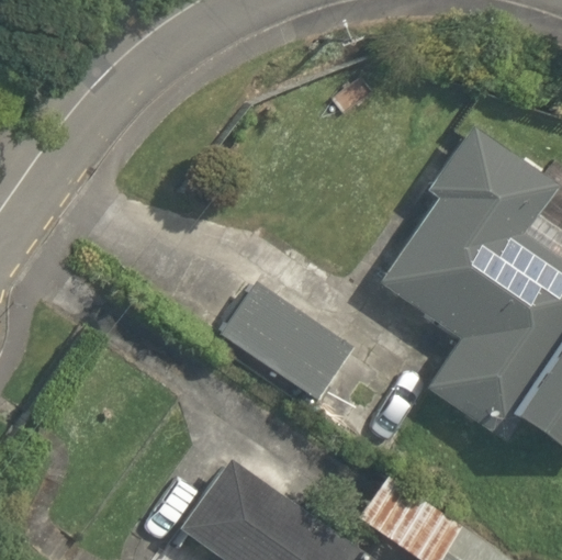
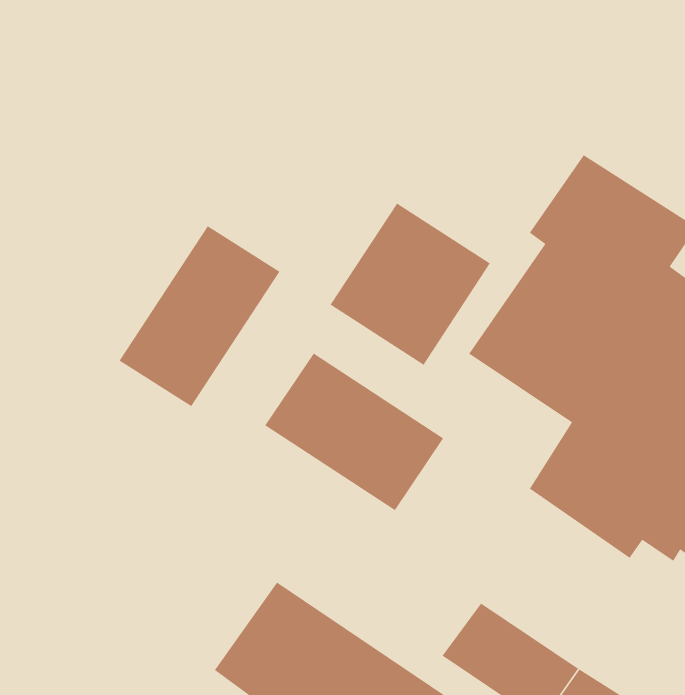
building: none -> [329,202,491,366]
building: none -> [119,225,280,407]

